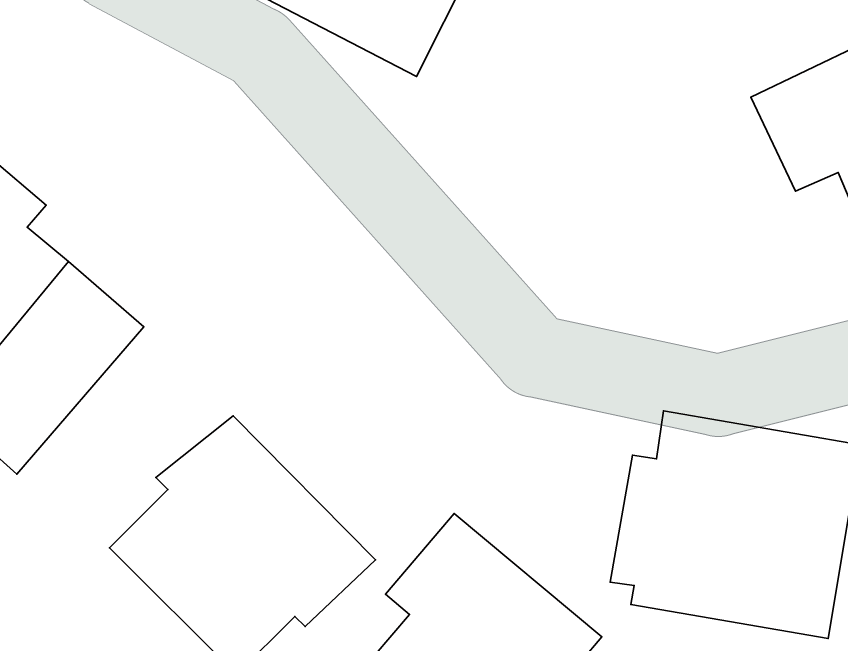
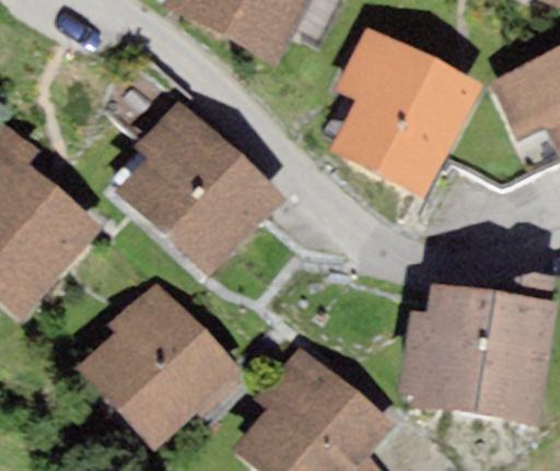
building: none -> [329,25,481,196]
building: none -> [117,98,285,275]

